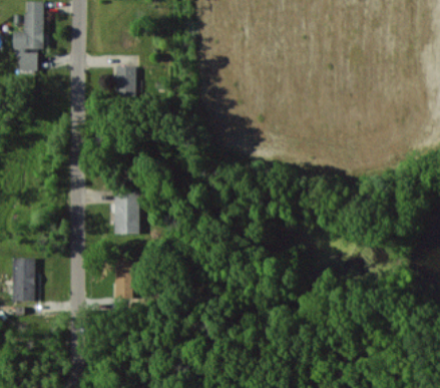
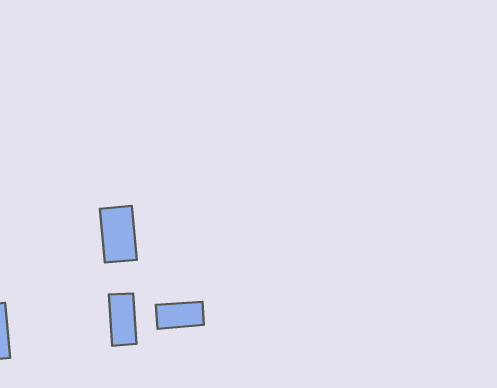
building: [115,65,135,95] -> none
building: none -> [156,302,204,329]

